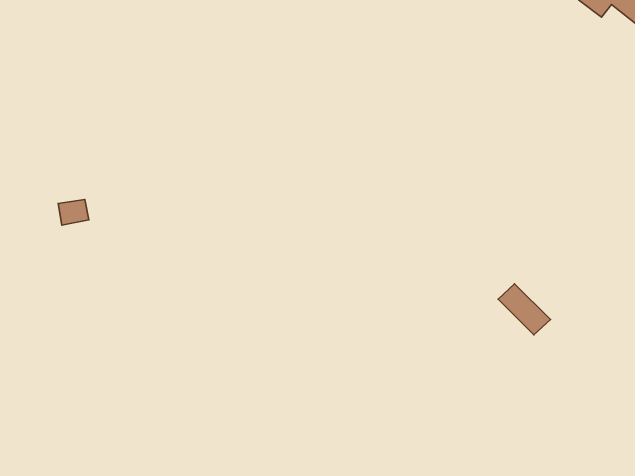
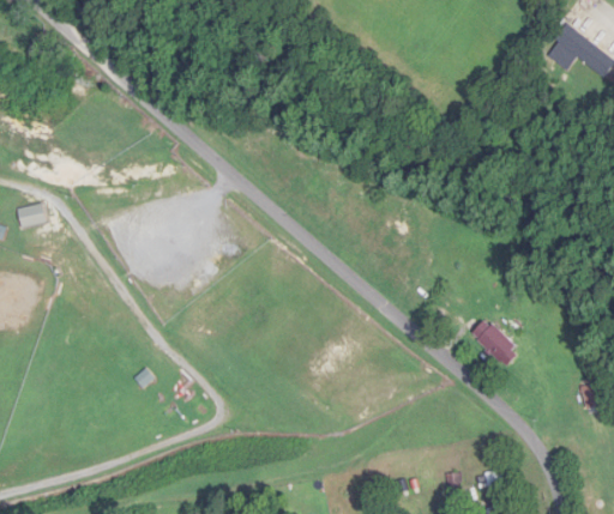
building: [58,200,89,225] -> [18,206,47,230]

